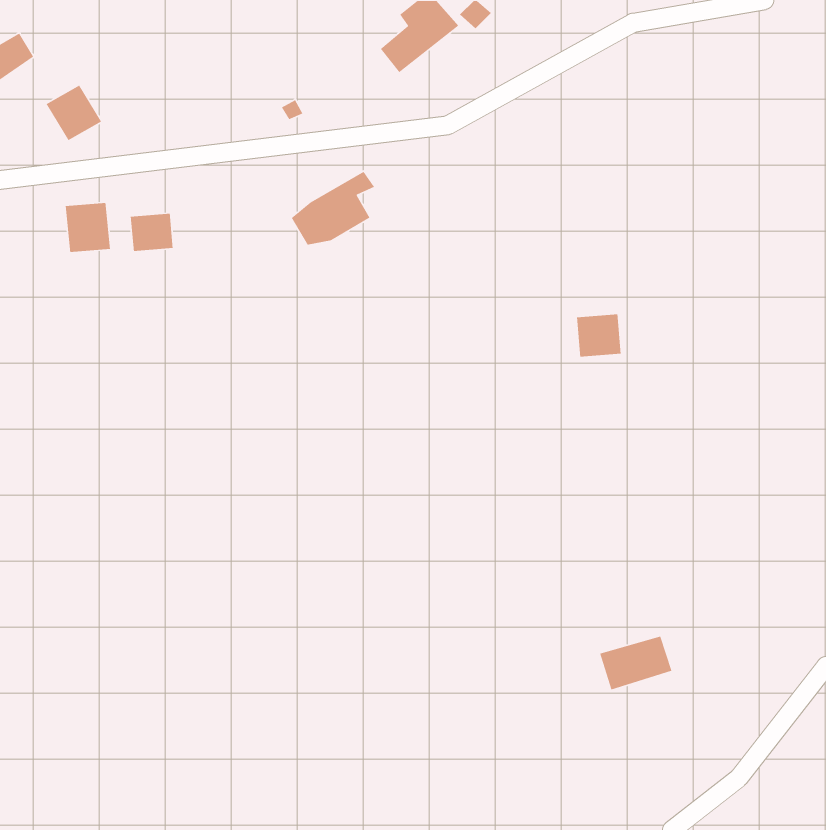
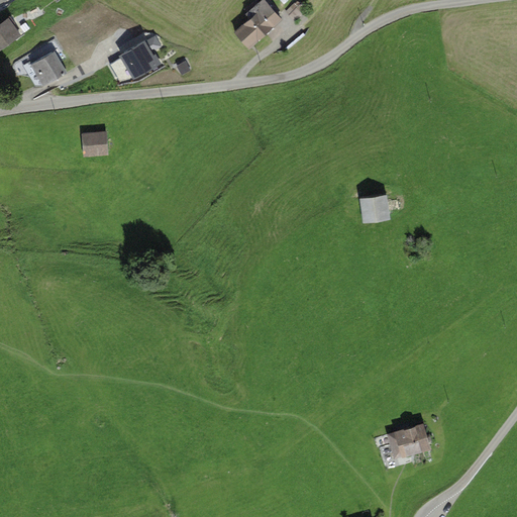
building: [291,171,375,246] -> [108,35,161,82]
building: [65,202,111,253] -> none
building: [599,635,672,691] -> [385,423,430,457]

